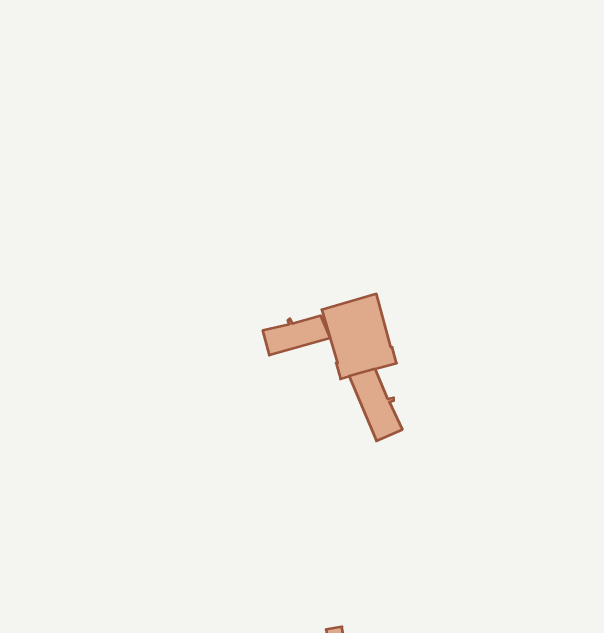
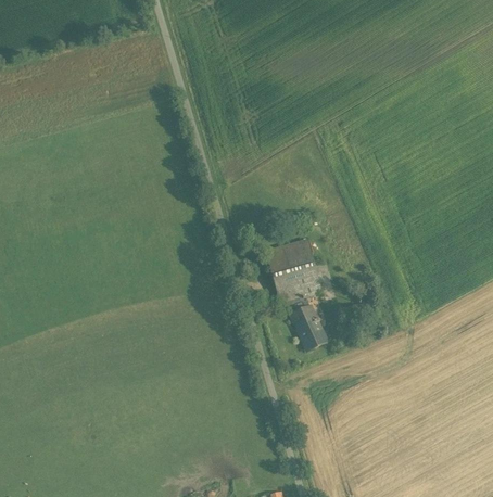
building: [263,316,330,355] -> none

